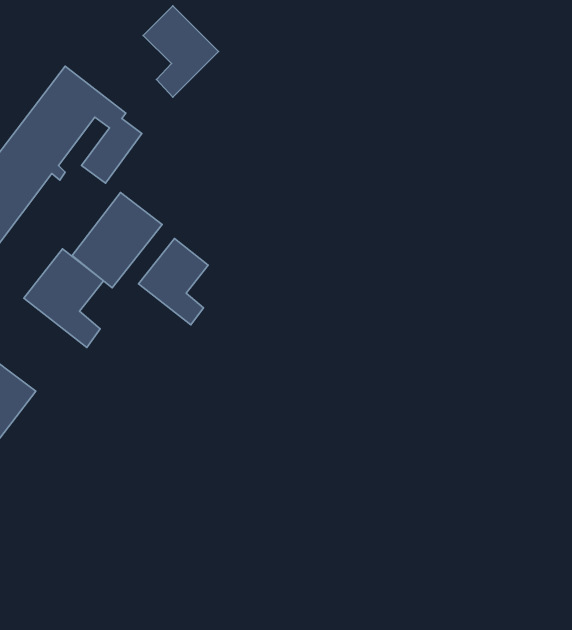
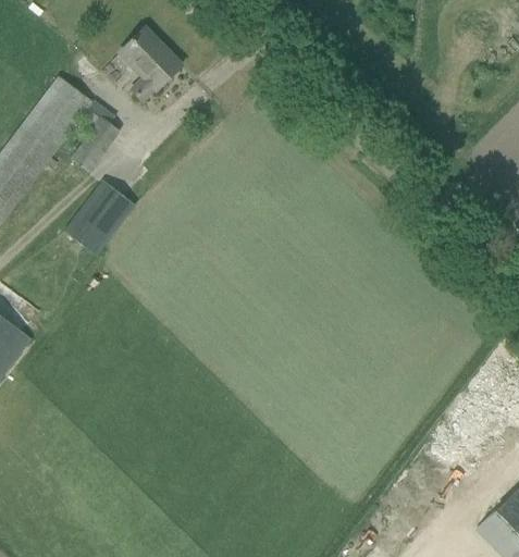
building: [139,238,208,325] -> none
building: [24,249,103,348] -> none

